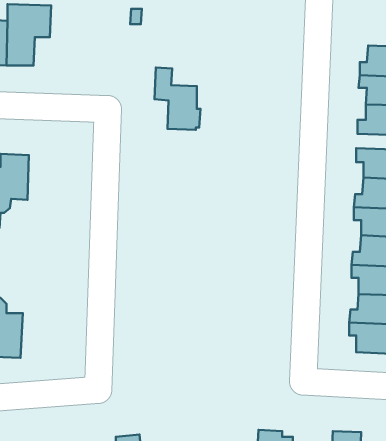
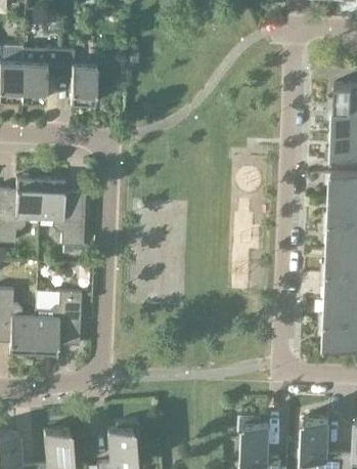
building: [155,67,200,130] -> [59,48,99,102]
building: none -> [40,178,86,245]
building: none -> [34,291,82,355]

